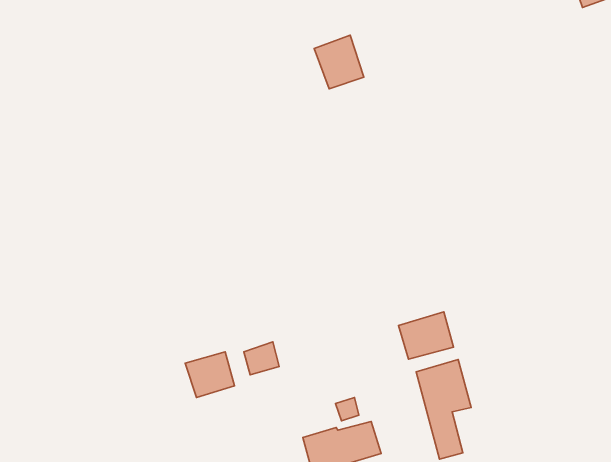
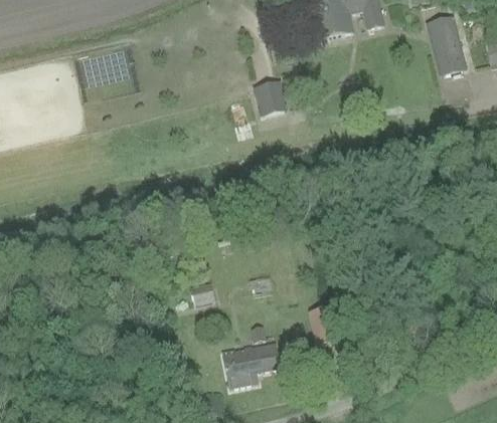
building: [398,312,453,359] -> none
building: [185,352,235,398] -> none

